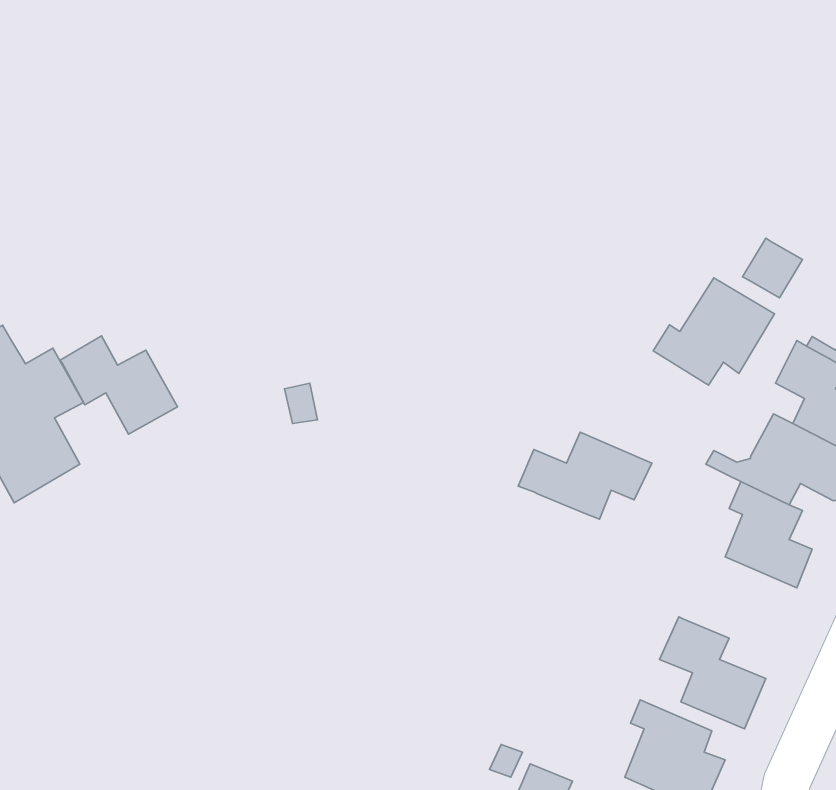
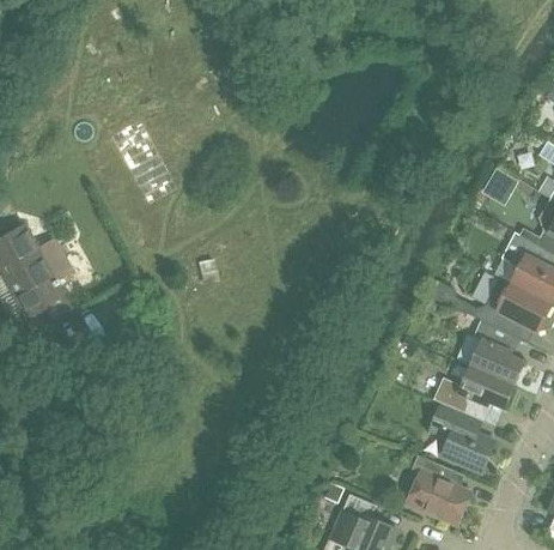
building: [653,278,774,385] -> none
building: [60,336,177,434] -> none
building: [518,432,652,519] -> [433,365,516,419]

